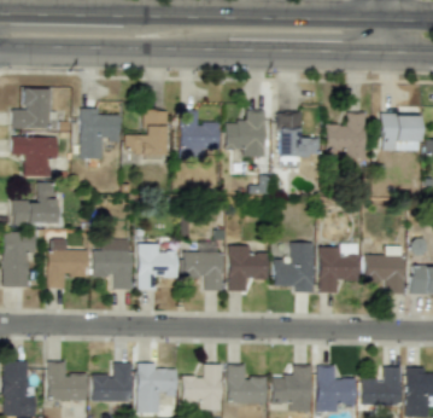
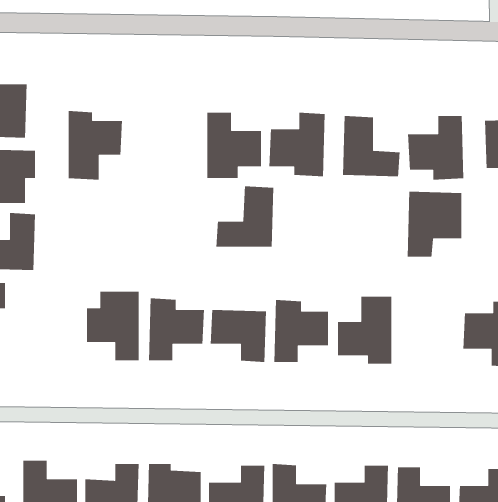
building: [125,110,168,155] -> [216,186,274,247]
building: [49,239,87,289] -> none
building: [320,245,359,294] -> [407,191,462,258]

